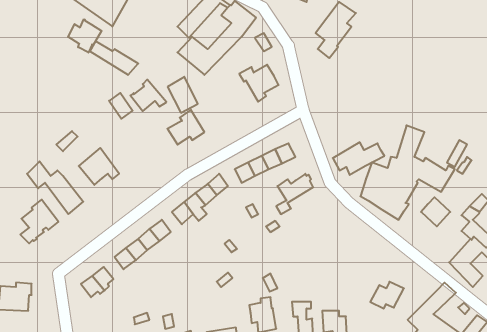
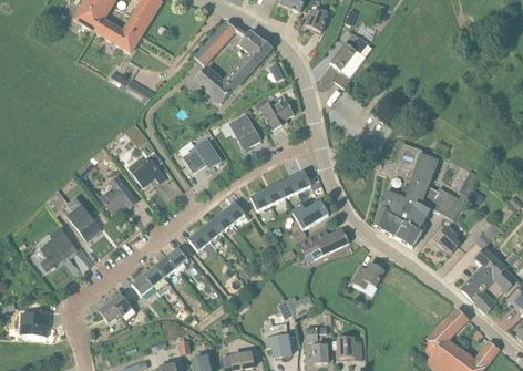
building: [68,19,102,53] -> none
building: [168,77,198,113] -> [230,113,260,148]
building: [130,80,166,111] -> [131,155,166,186]
building: [333,142,384,175] -> [298,227,349,259]
building: [370,282,404,309] -> [351,261,384,288]

